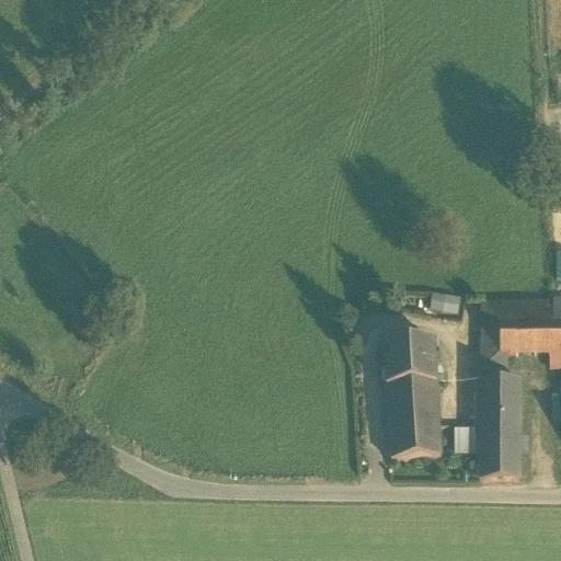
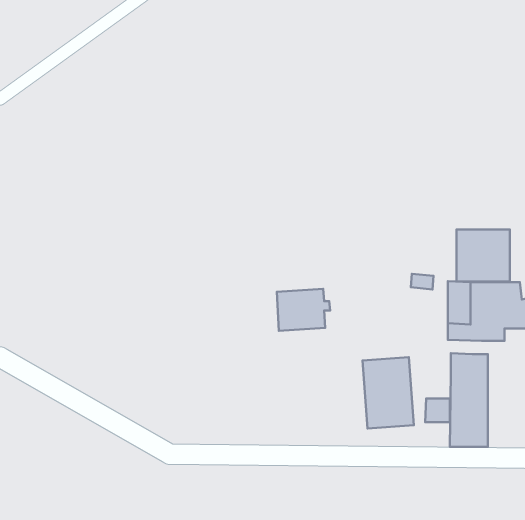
building: none -> [456,229,510,281]
building: [385,339,442,383] -> [277,289,330,331]

